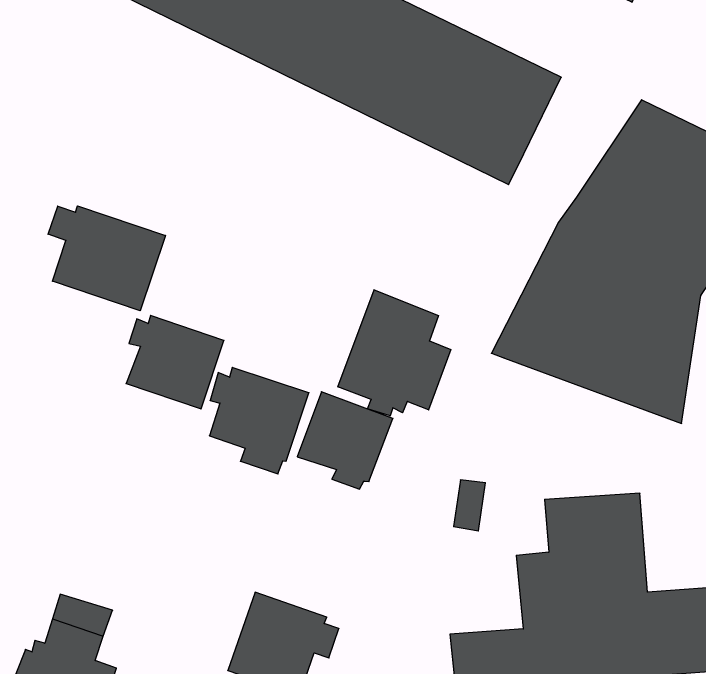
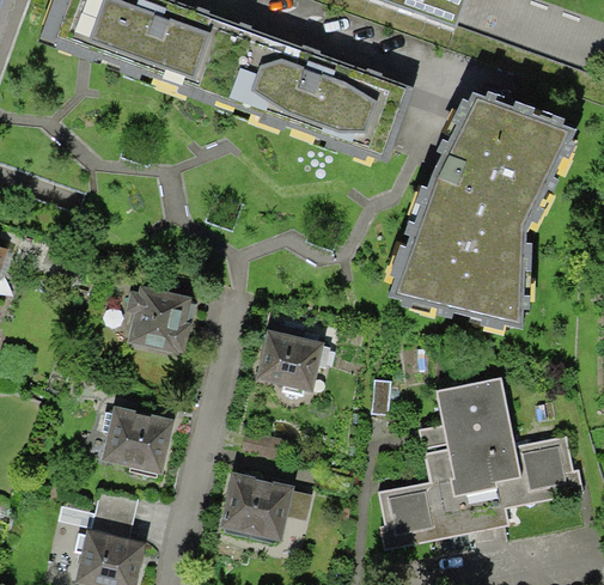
building: [48,206,165,311] -> none
building: [338,290,451,416] -> none
building: [209,367,309,474] -> [102,406,171,477]

